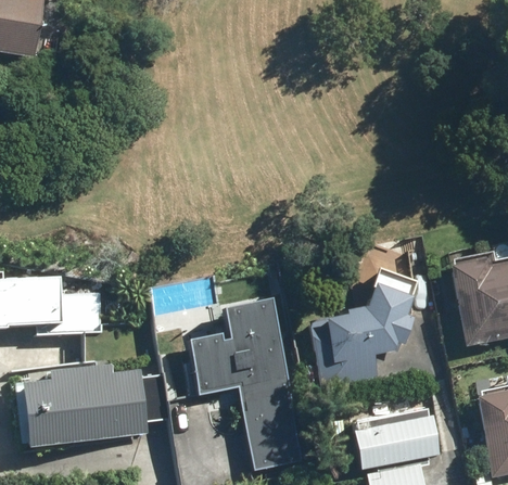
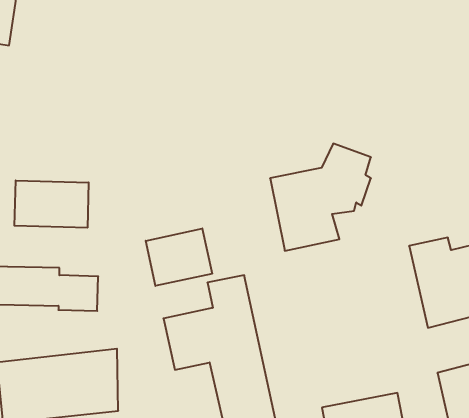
building: none -> [14,180,89,228]
building: none -> [146,228,212,286]
building: [305,282,409,393] -> [270,144,371,251]

